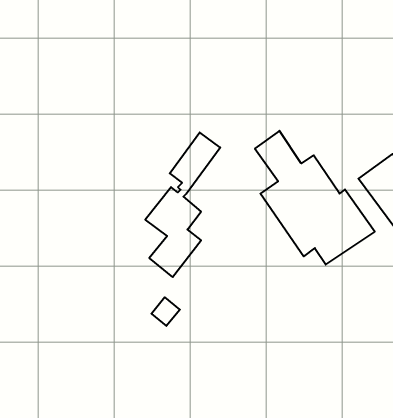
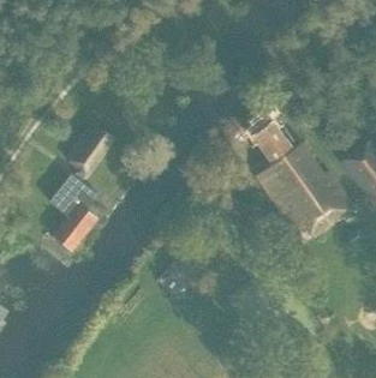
building: [145,132,220,277] -> [47,124,113,251]

